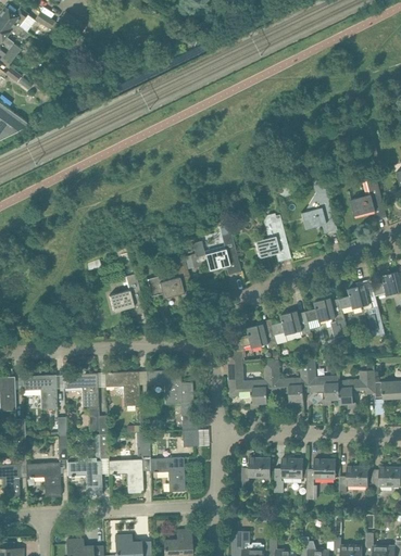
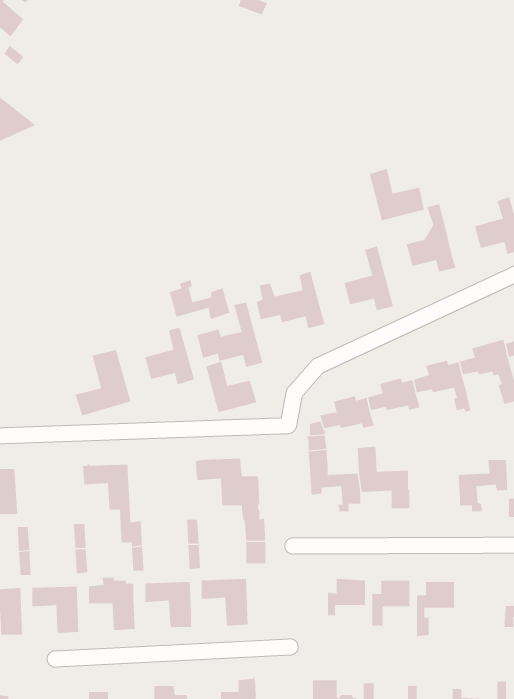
building: none -> [369,168,425,221]
building: none -> [169,279,230,320]
building: none -> [75,349,131,416]
building: none -> [205,361,257,413]
building: [301,369,339,405] -> none
building: [104,371,140,406] -> none
building: [22,375,58,409] -> none
building: [339,466,368,493] -> none

